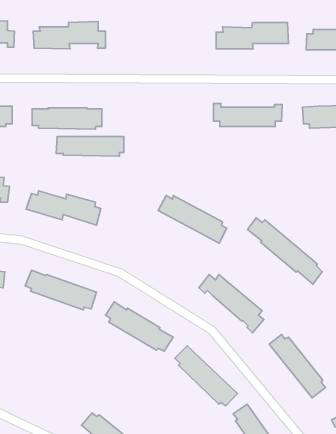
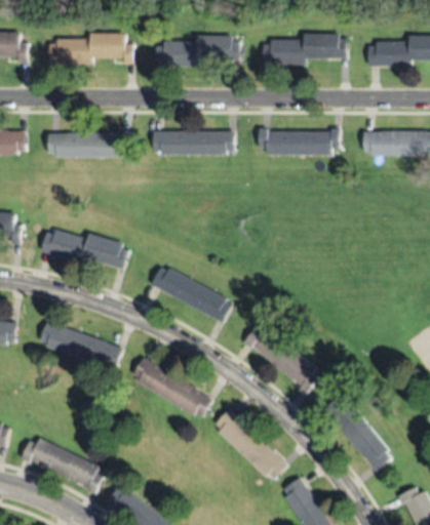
building: none -> [156,36,240,68]
building: [56,137,124,156] -> [153,132,232,155]
building: [158,196,227,243] -> [151,268,231,323]
building: [247,218,322,284] -> none
building: none -> [21,439,102,494]

